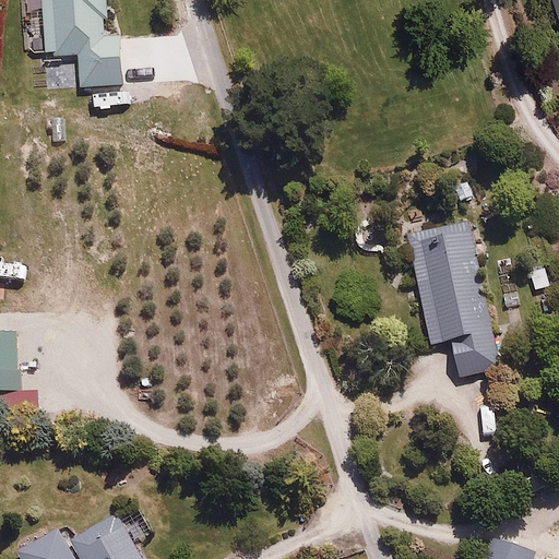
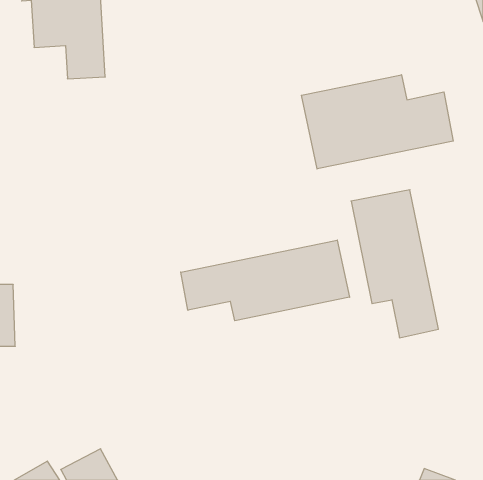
building: none -> [301,75,453,169]
building: none -> [181,240,350,321]

